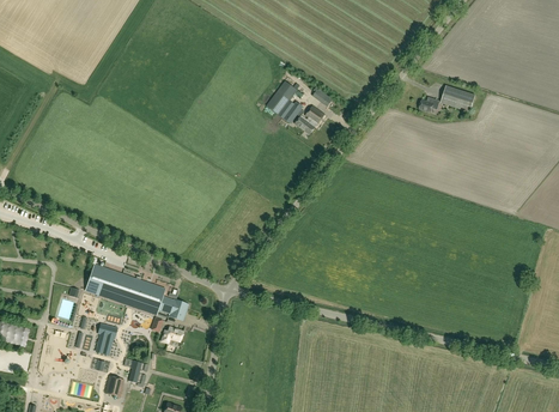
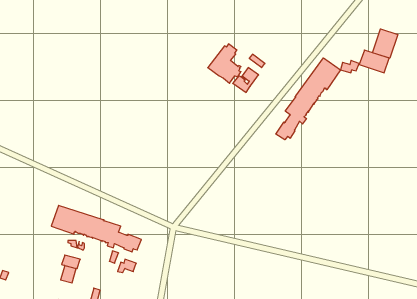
building: none -> [373,29,398,58]
building: none -> [276,58,341,140]

